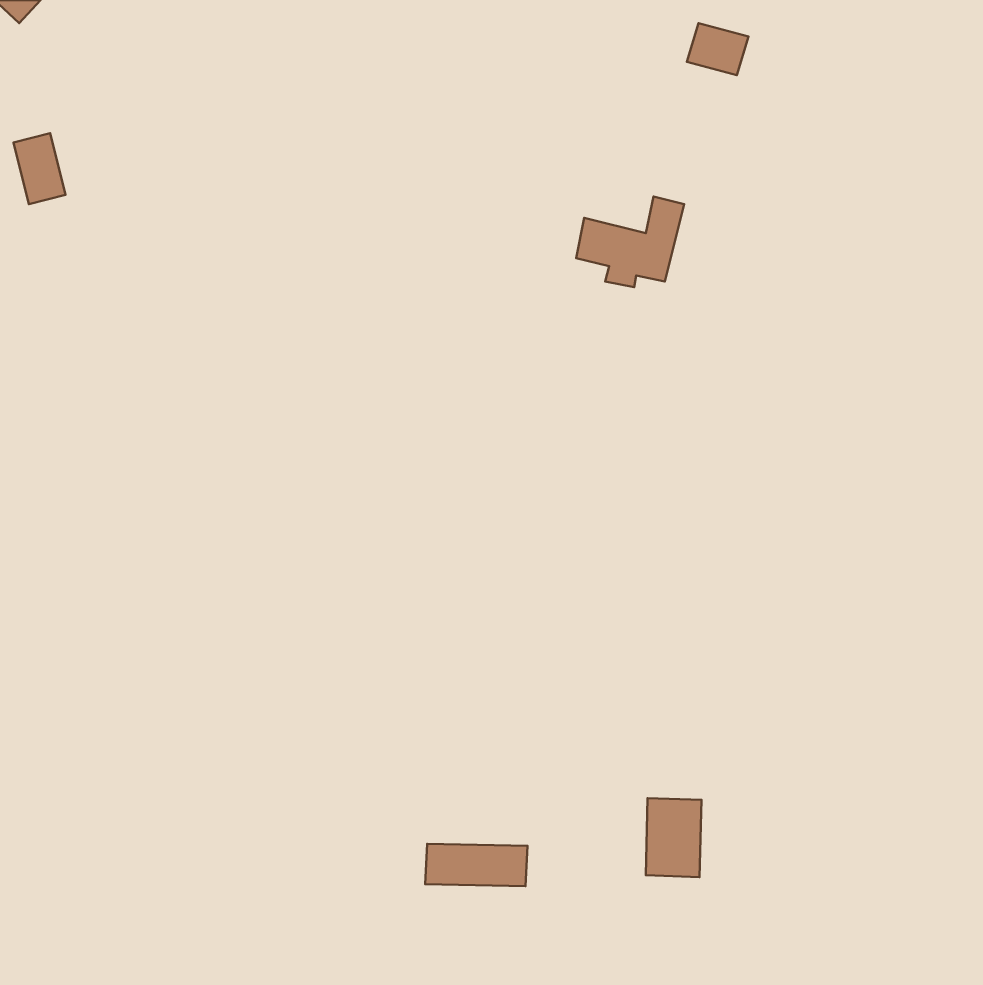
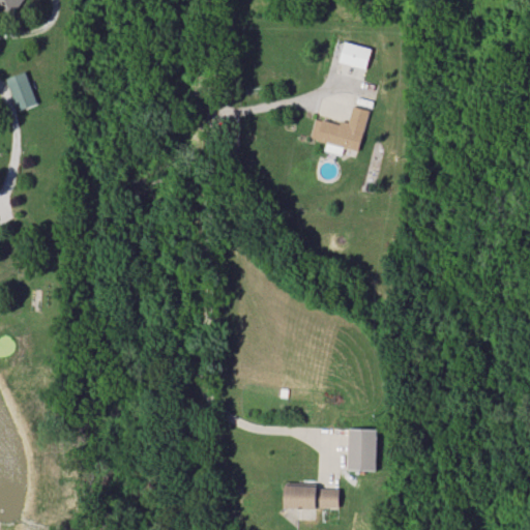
building: [687,23,748,75] -> [337,41,371,69]
building: [425,844,527,886] -> [284,485,338,508]

